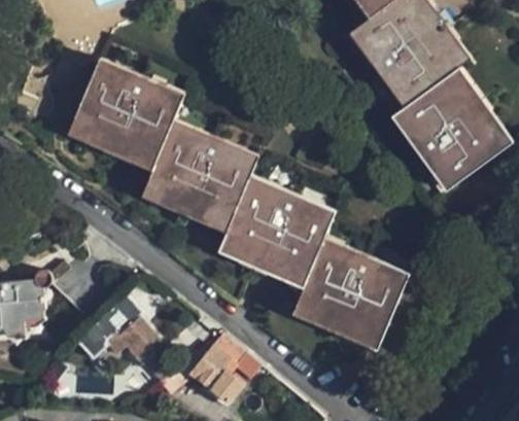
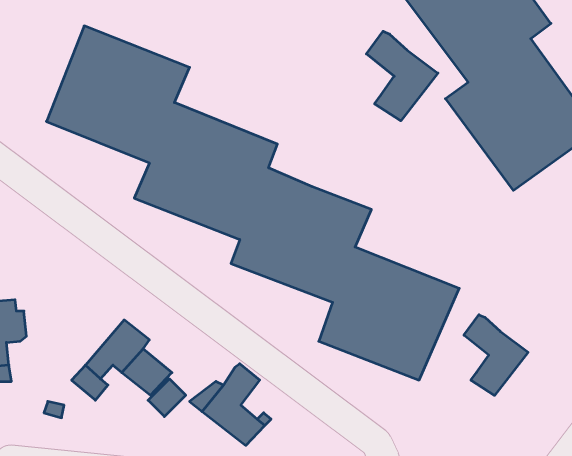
building: none -> [366,31,438,121]
building: none -> [464,315,528,395]

